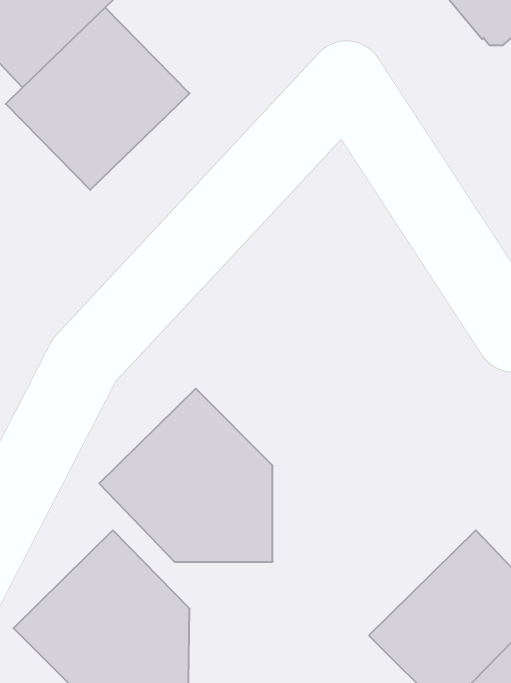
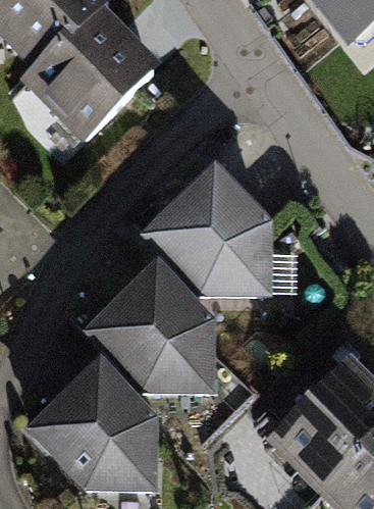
building: none -> [148,173,266,292]

